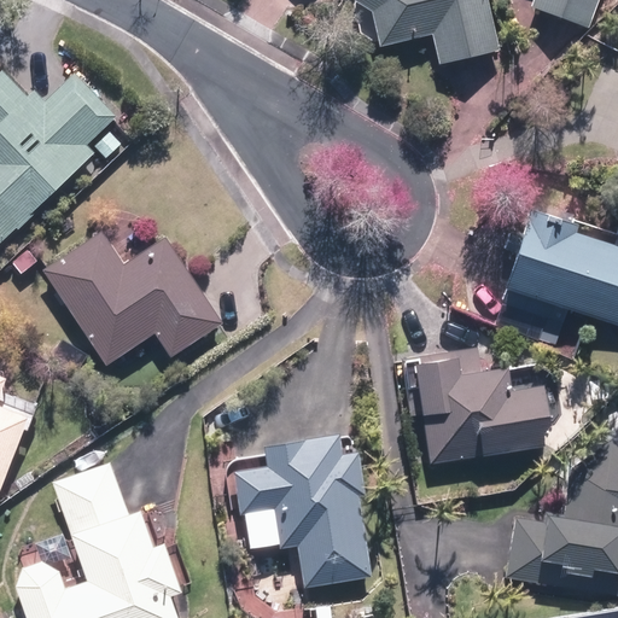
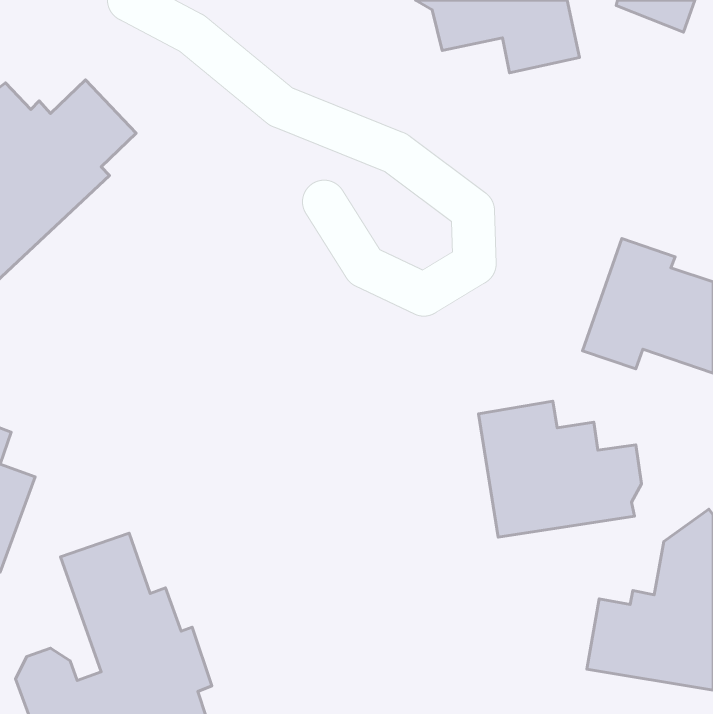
building: [41,232,222,366] -> none
building: [234,432,372,585] -> none

